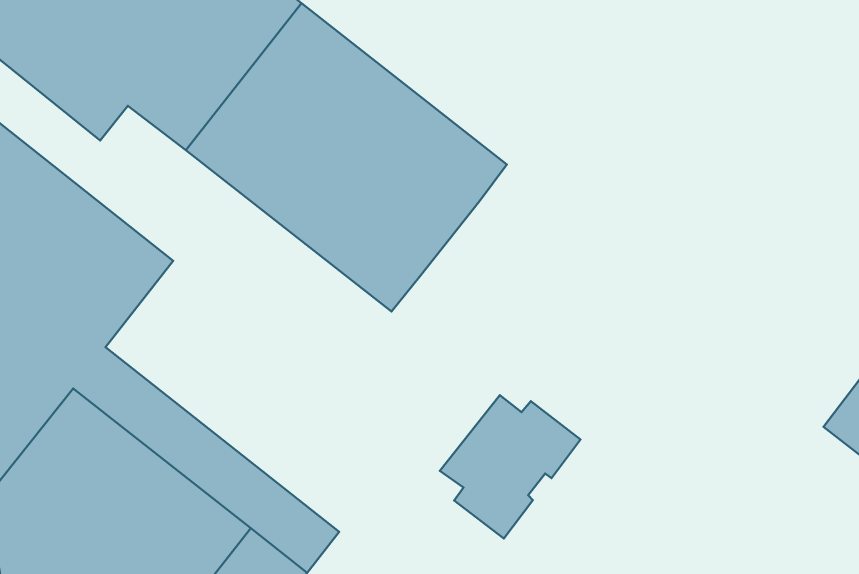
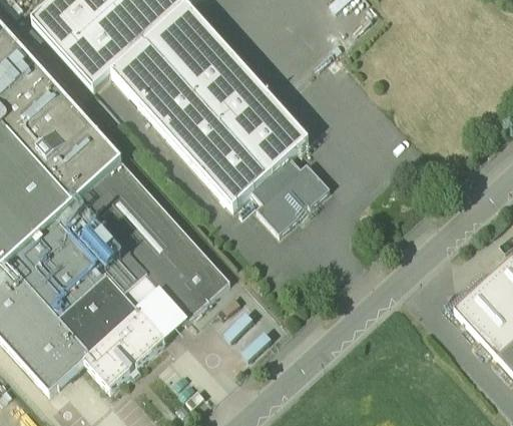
building: none -> [77,159,230,320]
building: [440,395,581,539] -> [251,155,330,233]

